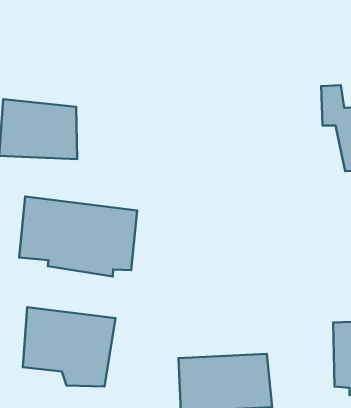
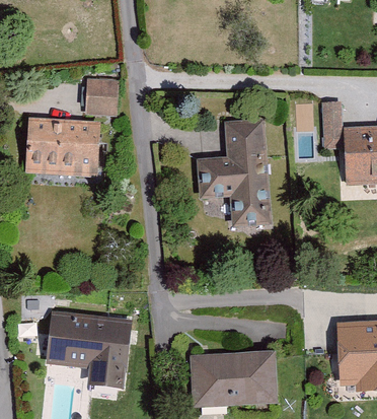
building: none -> [85,77,124,114]
building: none -> [198,116,272,225]
building: [19,197,137,277] -> none

